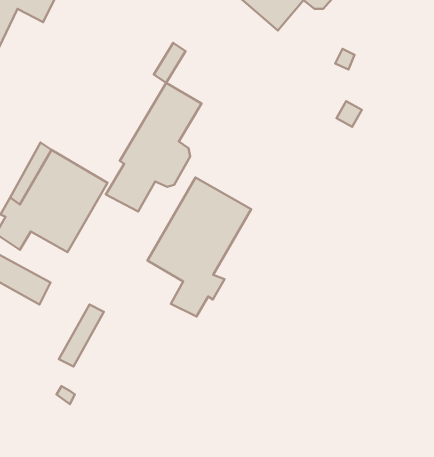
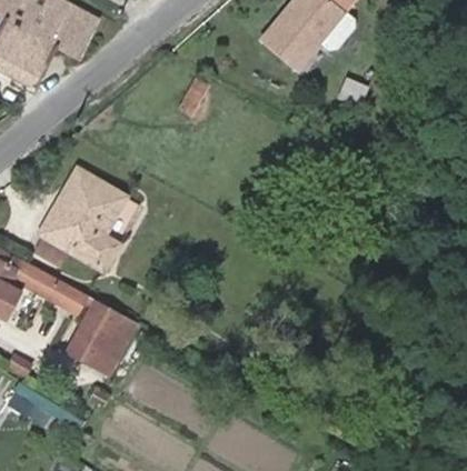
building: [106,83,202,212] -> none
building: [148,178,251,317] -> none
building: none -> [66,301,120,365]

